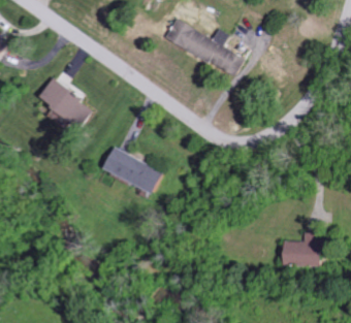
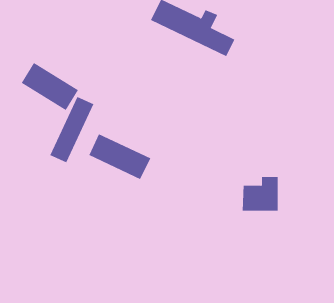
building: none -> [50,96,94,163]
building: [284,231,319,264] -> [242,177,278,211]

